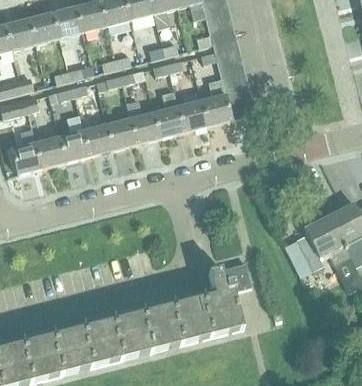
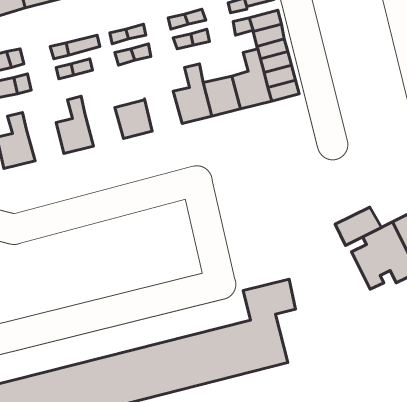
building: [125,98,159,143] -> none
building: [81,124,112,155] -> none
building: [34,136,64,167] -> none
building: none -> [335,207,382,245]

